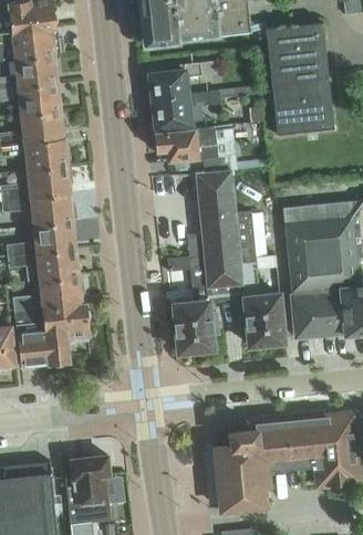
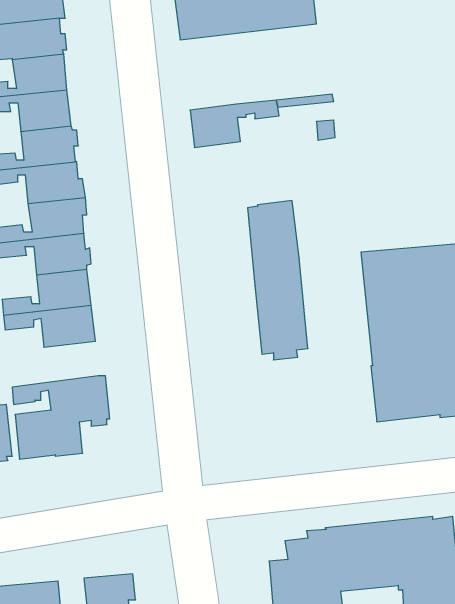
building: [265,22,334,136] -> none
building: [149,62,217,98] -> none
building: [154,126,230,171] -> none
building: [236,211,283,345] -> none
building: [173,233,218,353] -> none
building: [12,276,83,312] -> none

